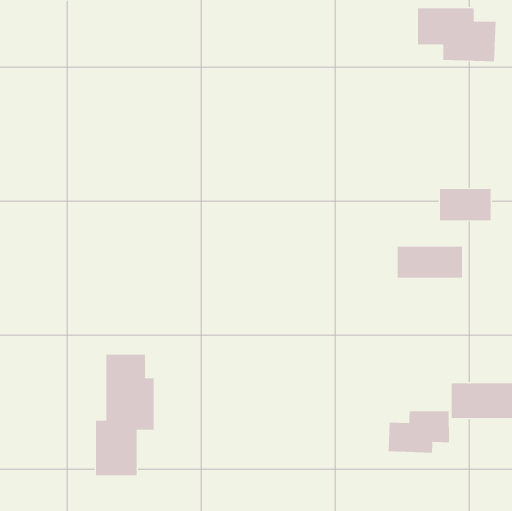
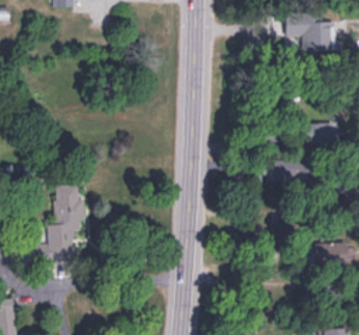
building: [95,354,154,476] -> [47,185,83,259]
building: [388,410,450,453] -> none

